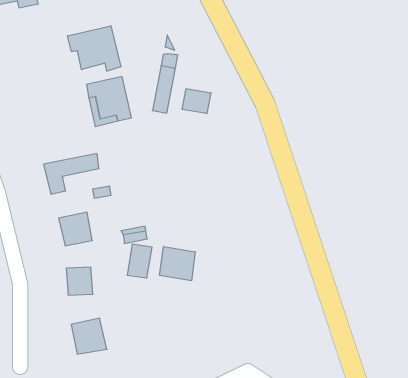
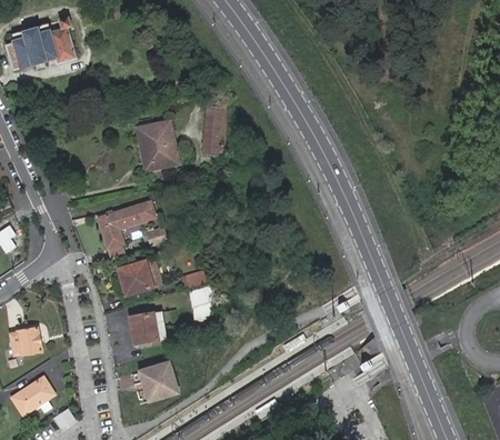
building: [68,26,121,71] -> none
building: [182,89,211,114] -> none
building: [160,247,195,281] -> none

